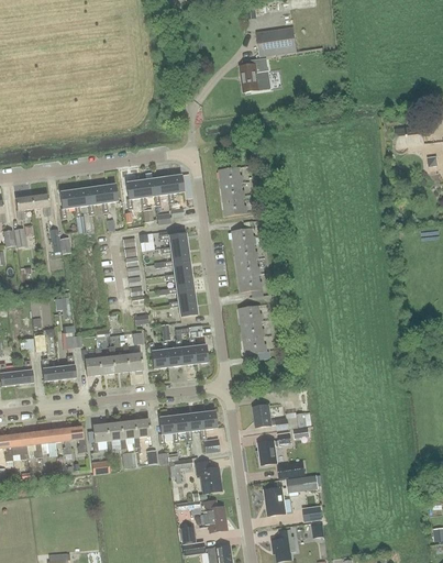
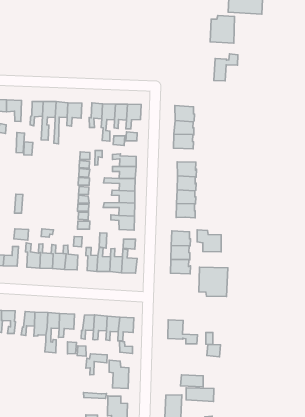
building: none -> [214,54,238,81]
building: none -> [197,230,221,252]
building: none -> [199,267,228,297]
building: [257,431,290,464] -> none

